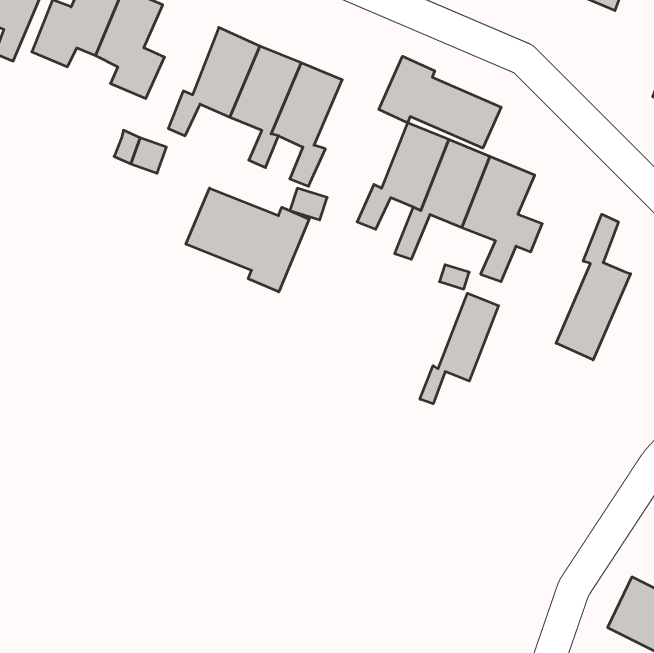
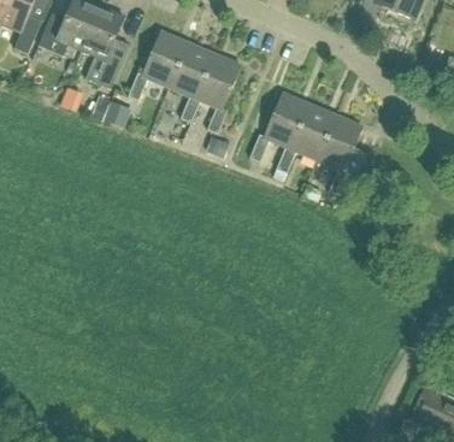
building: [379,56,501,148] -> none
building: [186,188,309,292] -> none
building: [556,214,631,360] -> none
building: [420,293,499,404] -> none

